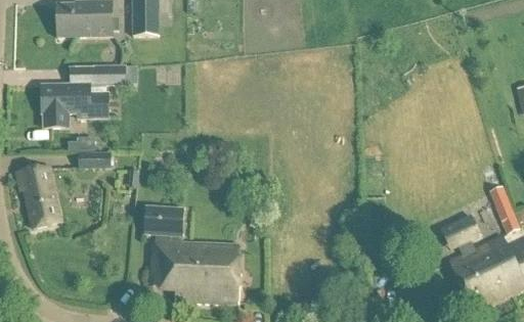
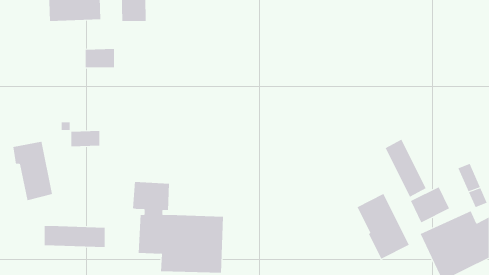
building: [40,82,108,128] -> none
building: none -> [385,139,426,198]
building: none -> [357,193,409,260]
building: none -> [44,225,105,248]

